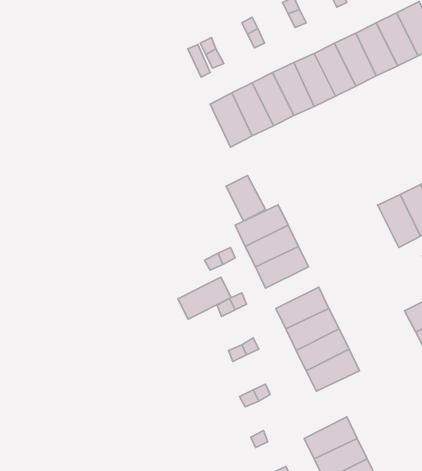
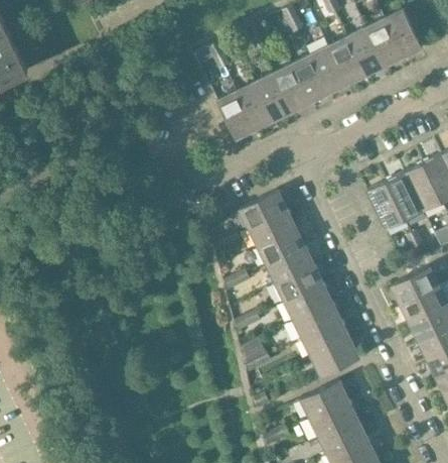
building: [226,176,266,221] -> none
building: [178,277,231,319] -> [267,247,314,284]
building: none -> [312,340,359,377]

